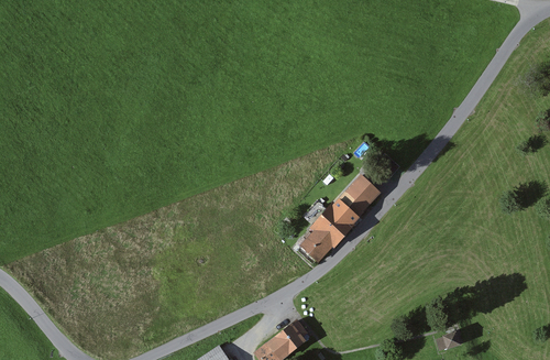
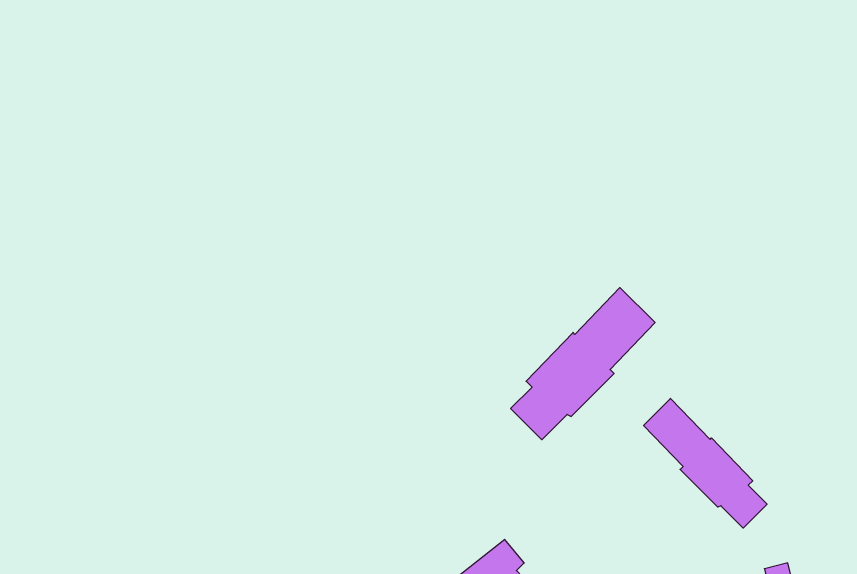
building: none -> [644,398,767,528]

